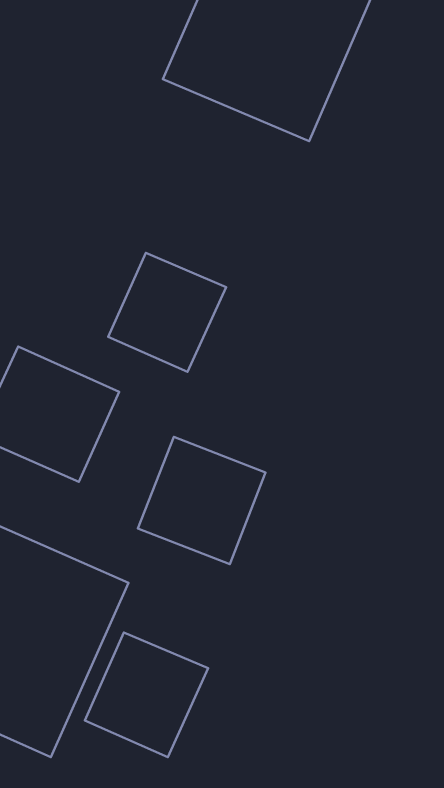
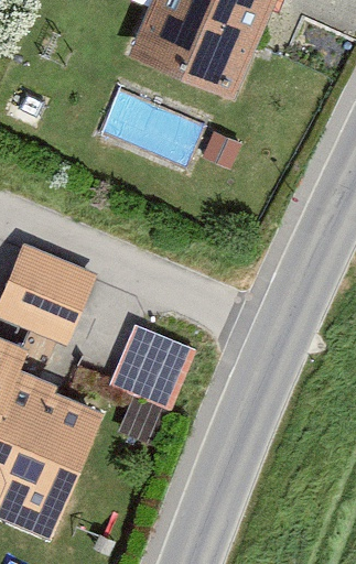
building: [108,253,226,372] -> none
building: [85,632,208,757] -> none

